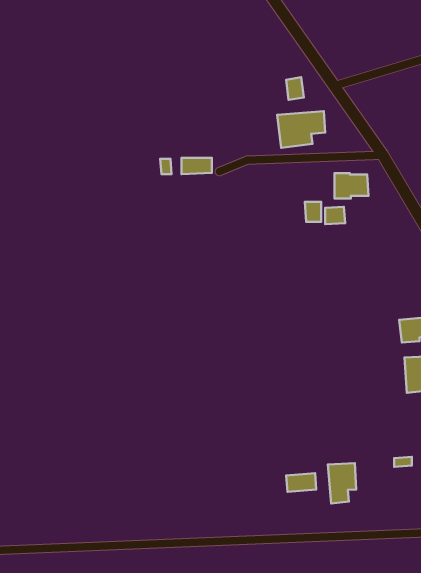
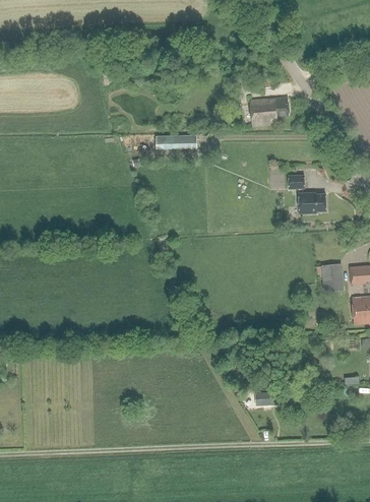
building: [335,173,369,198] -> [298,192,325,212]
building: none -> [315,261,342,291]
building: [328,463,356,503] -> none

